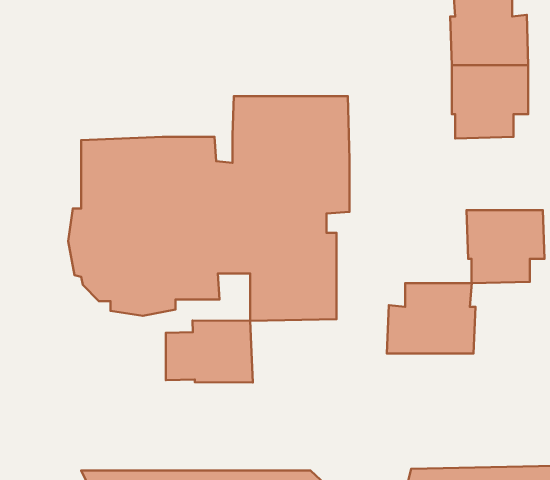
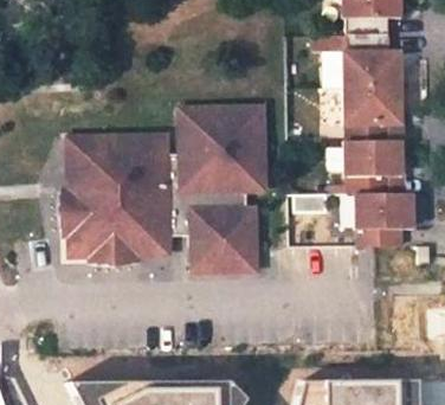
building: none -> [341,139,396,192]
building: [387,283,475,353] -> none
building: [166,321,253,382] -> none

